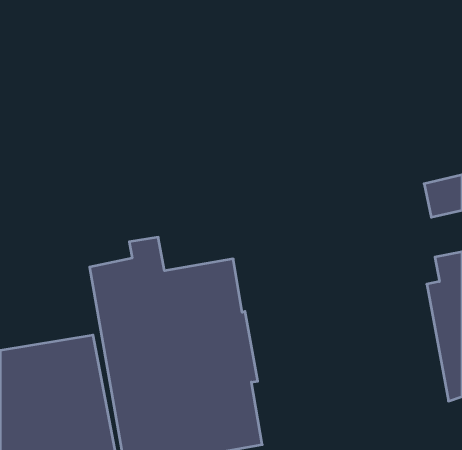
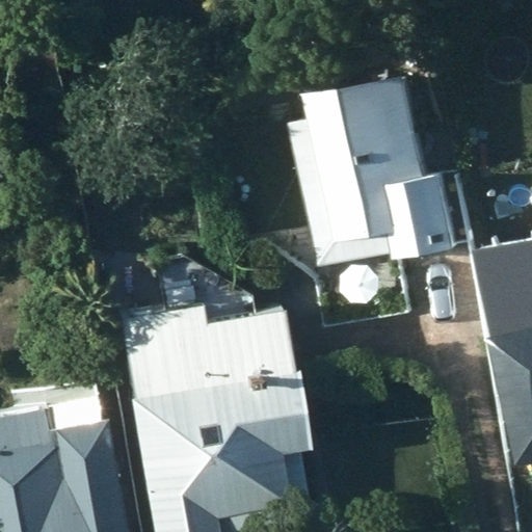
building: none -> [294,76,440,273]

